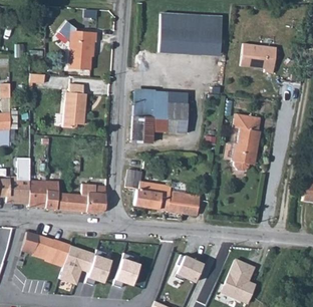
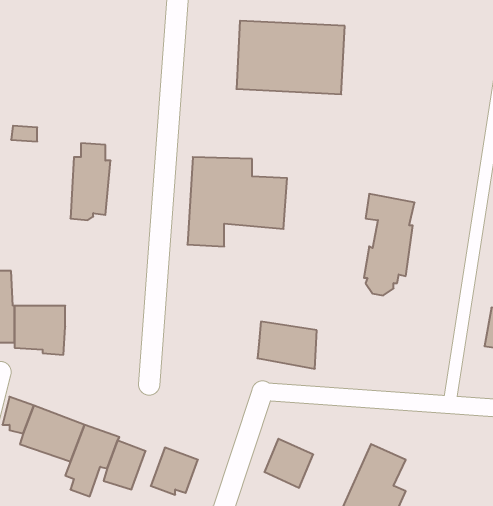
building: [59,21,97,70] -> none
building: [241,44,277,73] -> none
building: [126,174,173,216] -> none
building: [60,180,109,209] -> none

